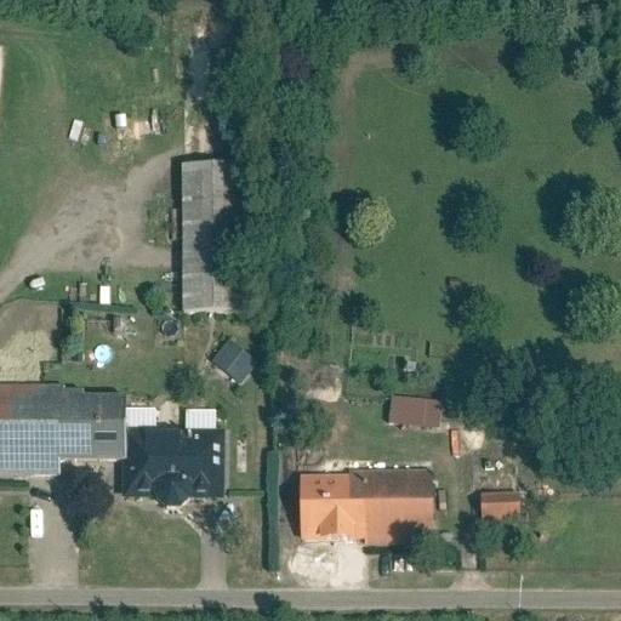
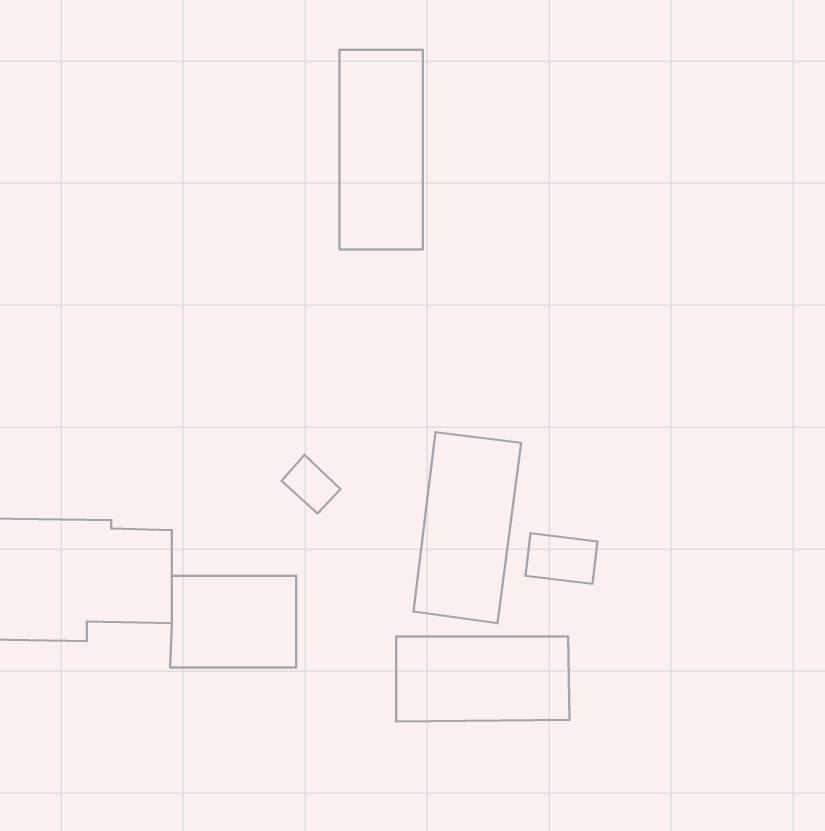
building: [180,159,241,307] -> [339,50,423,249]
building: none -> [414,432,521,623]
building: [480,495,522,519] -> none

